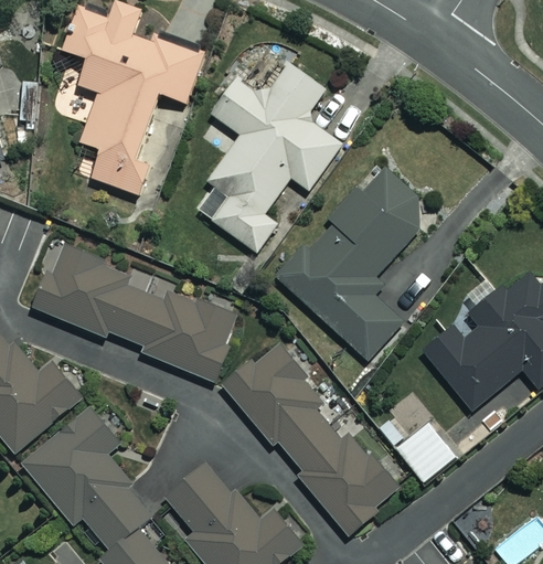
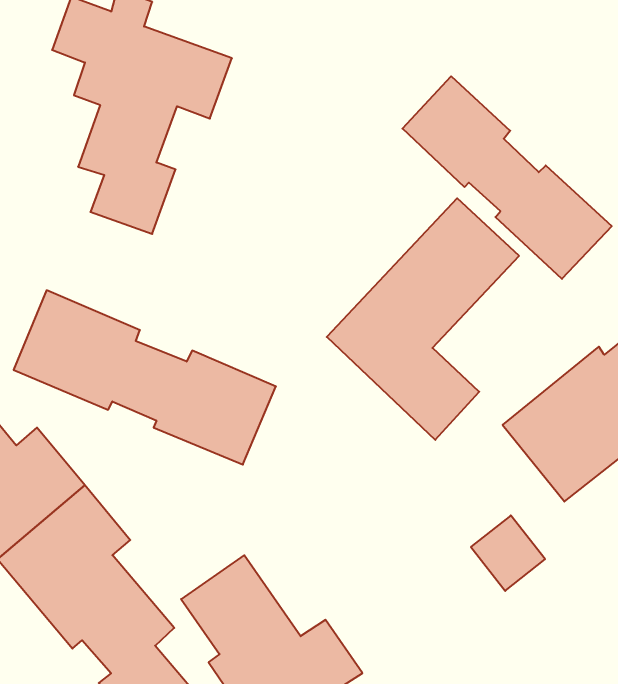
building: [209,43,340,253] -> none
building: none -> [402,76,612,279]
building: [221,341,400,533] -> none

